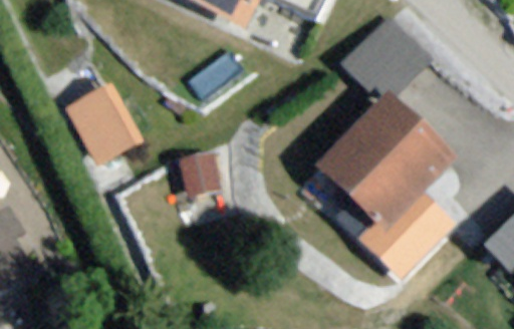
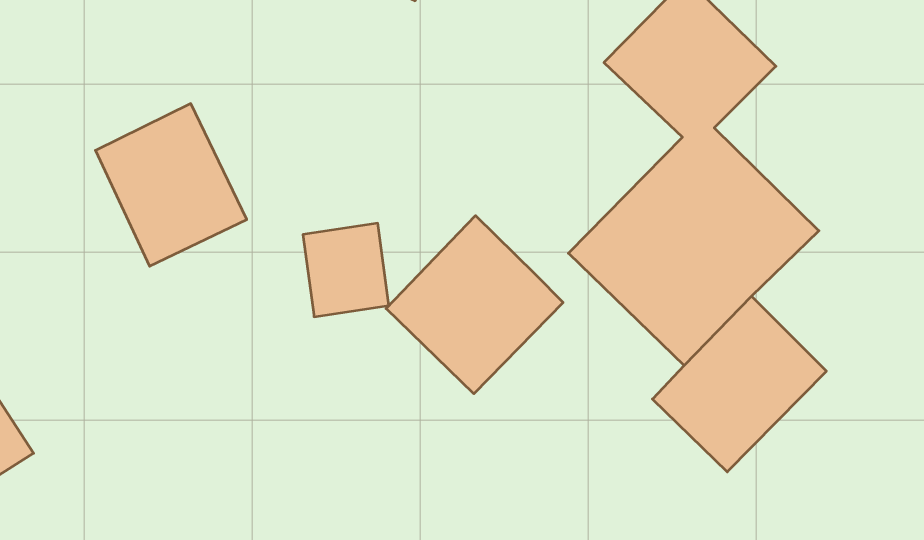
building: none -> [386,216,563,394]

